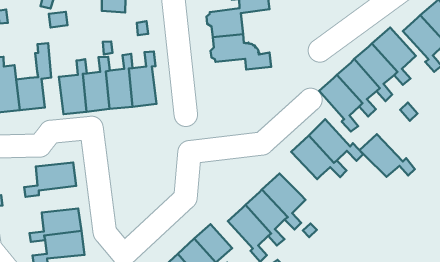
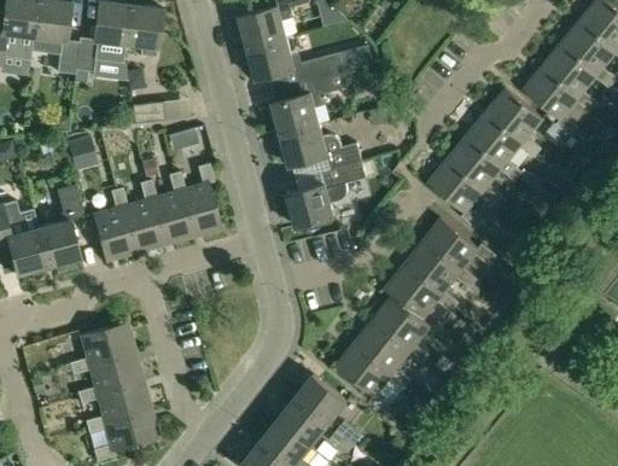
building: none -> [286,161,366,226]
building: [359,134,415,177] -> [384,266,459,319]
building: none -> [75,351,141,403]

